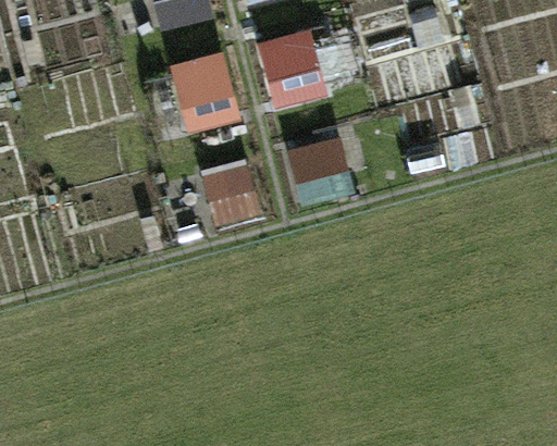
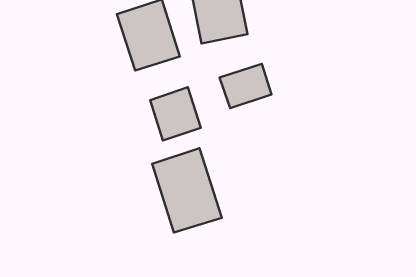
building: none -> [152,148,222,233]

